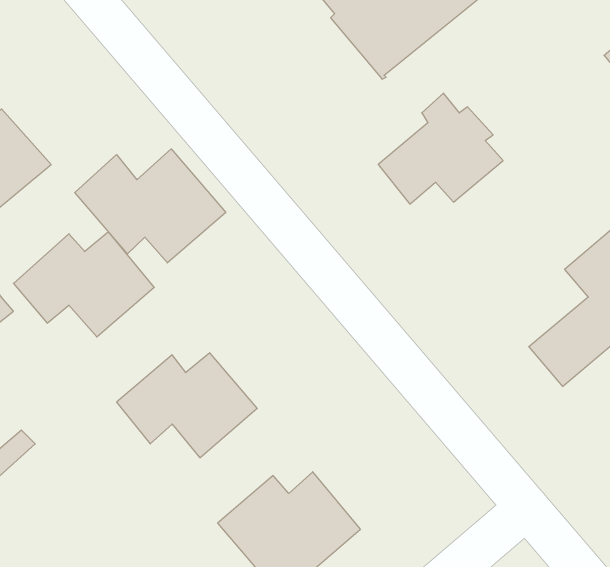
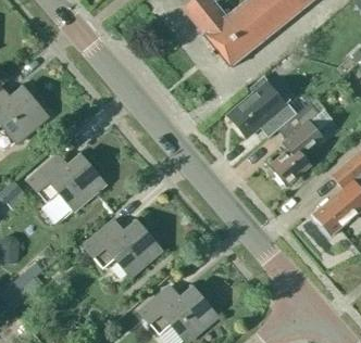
building: none -> [270,103,324,185]
building: [75,149,226,263] -> none

